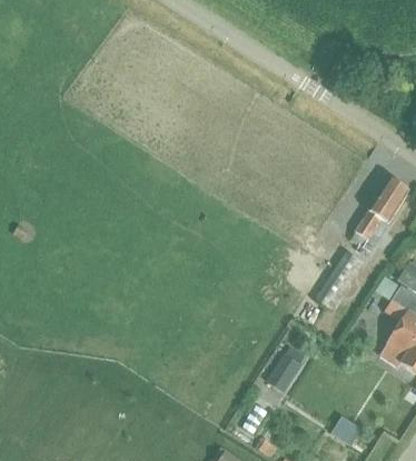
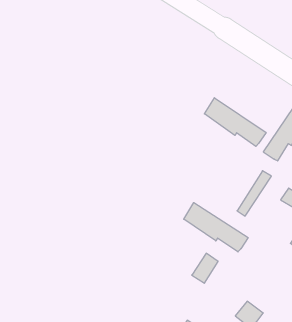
building: none -> [204,98,266,146]
building: none -> [184,203,248,252]

